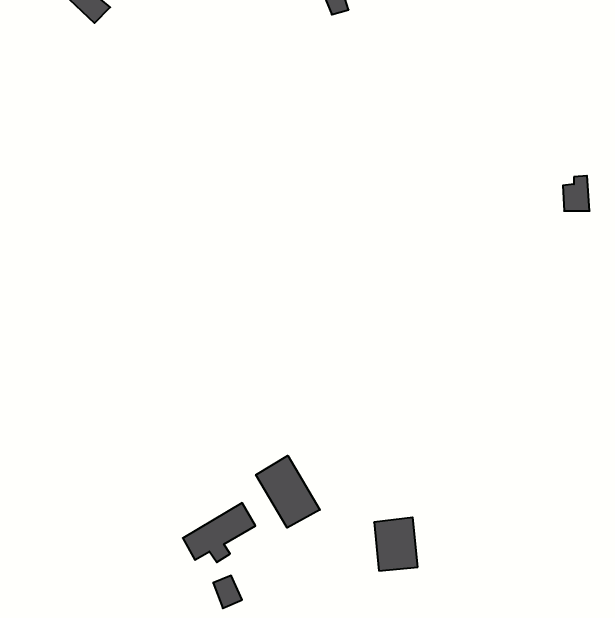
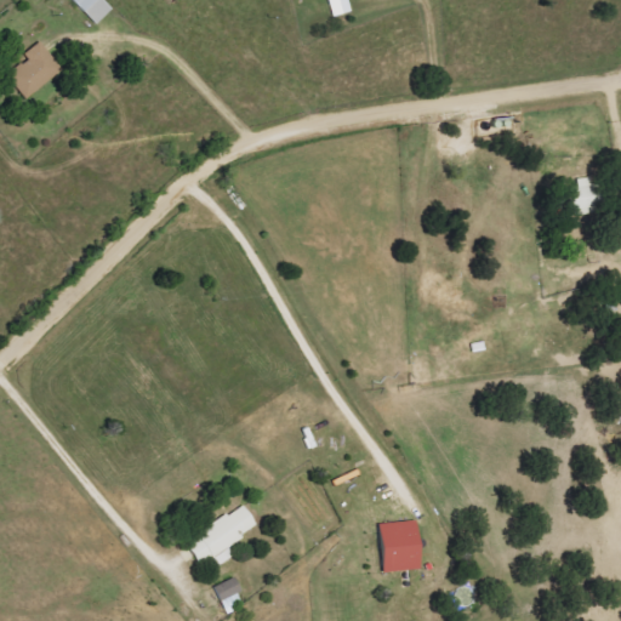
building: none -> [8,40,63,97]
building: [256,456,320,528] -> none

